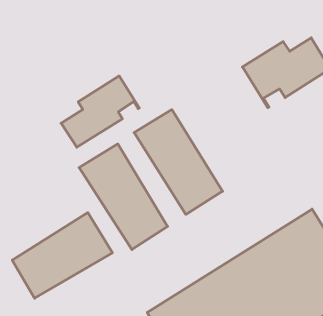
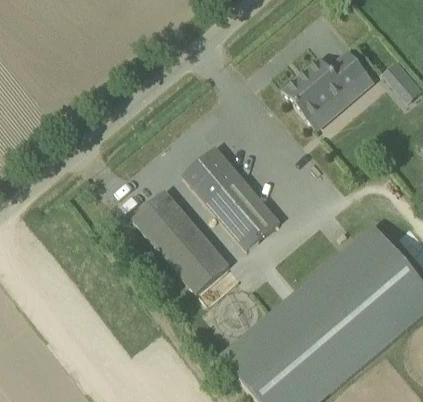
building: [61,76,139,147] -> none
building: [12,213,112,298] -> none

